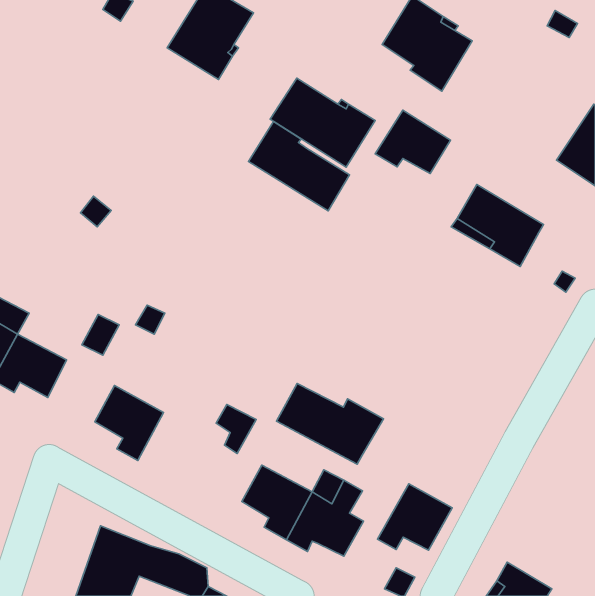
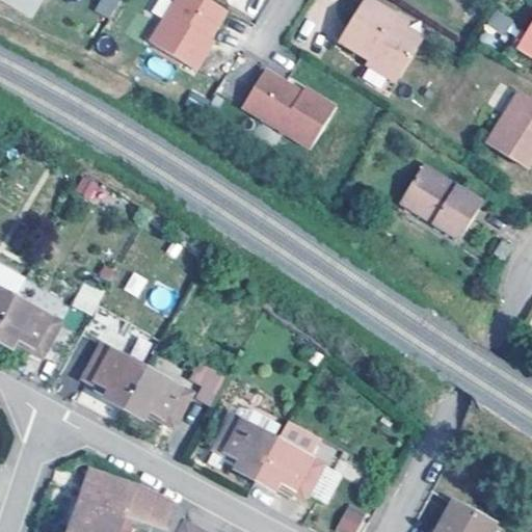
building: [375,110,451,174] -> none
building: [249,121,349,211] -> none
building: [277,383,384,464] -> none
building: none -> [123,367,191,424]
building: [378,484,452,550] -> none

